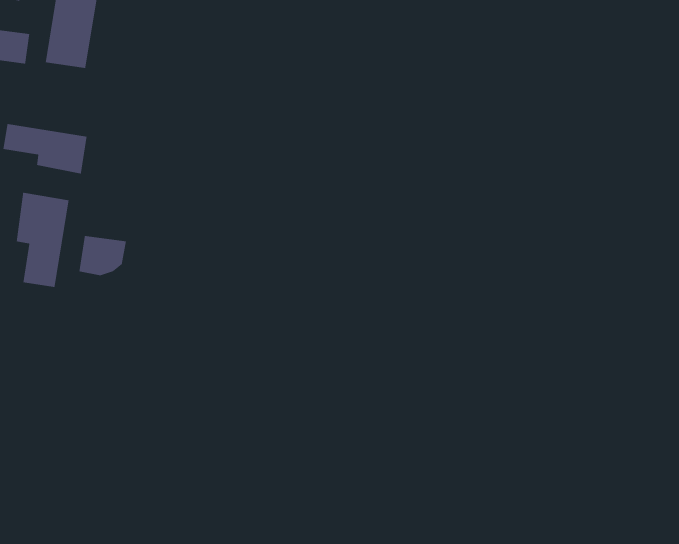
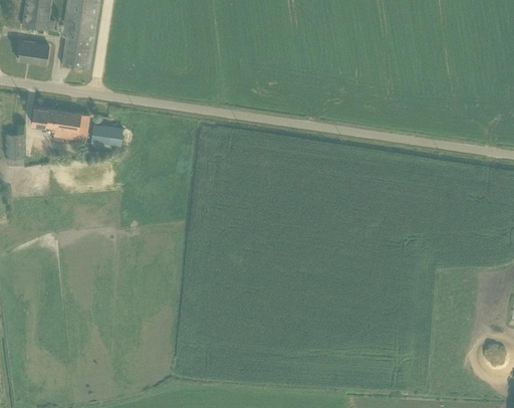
building: [16,192,70,288] -> none
building: [78,235,127,276] -> [89,125,122,153]

